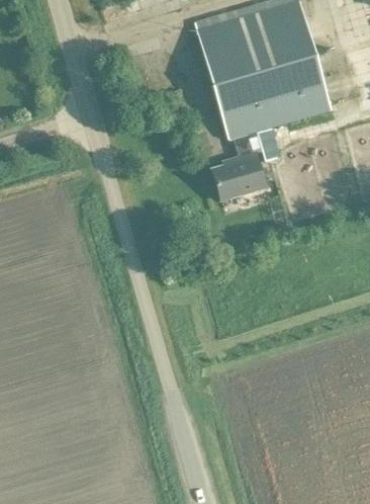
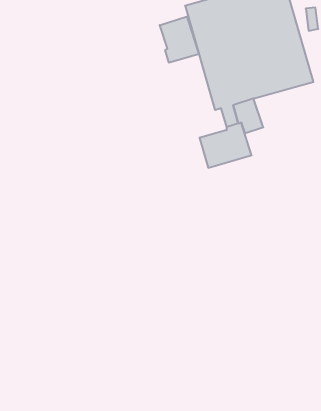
building: none -> [160,17,199,63]

